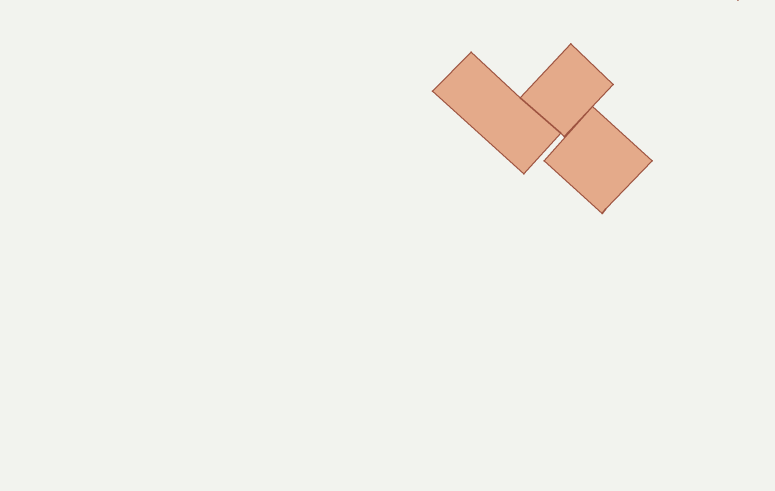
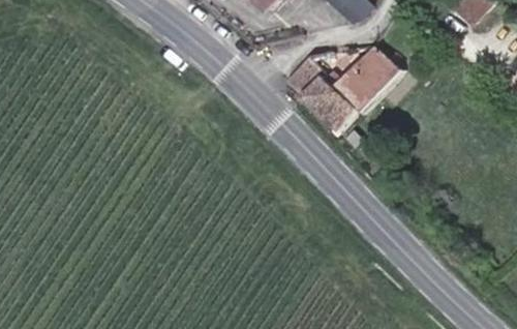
building: [544,107,652,213] -> none

